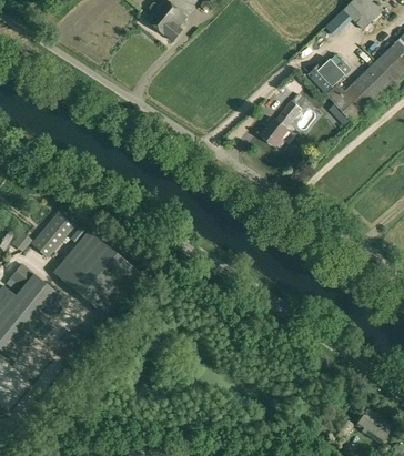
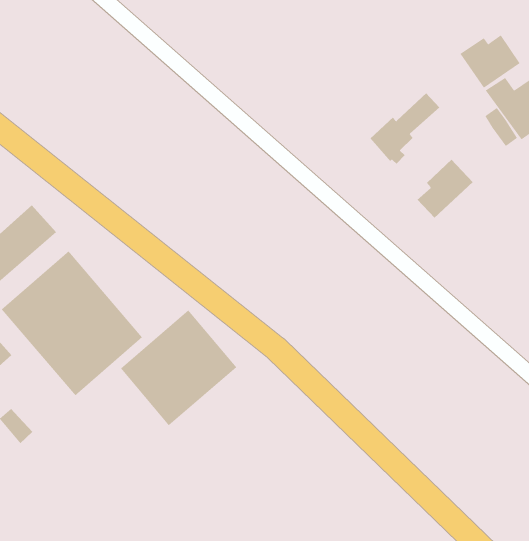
building: none -> [417,159,473,218]
building: none -> [120,310,237,426]

